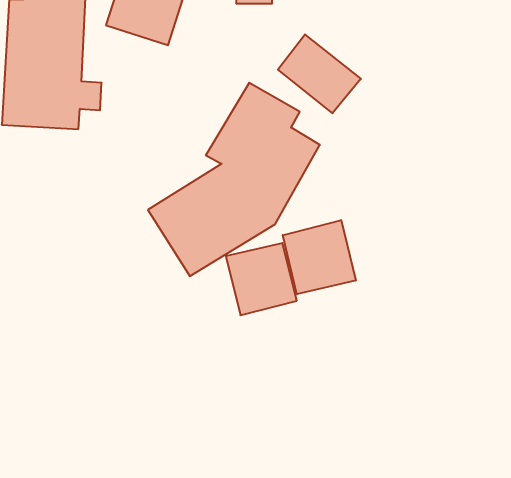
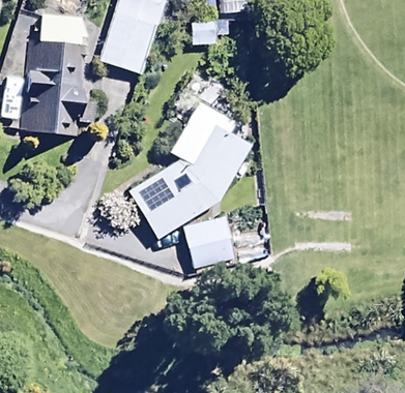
building: [278,34,361,113] -> none
building: [283,220,356,294] -> none

